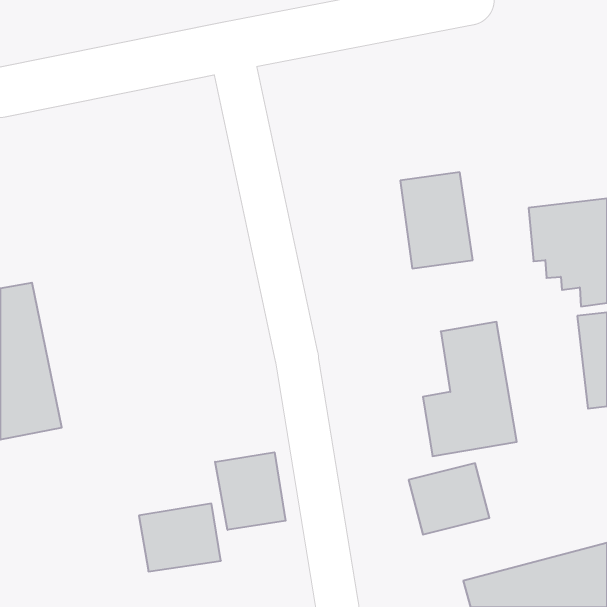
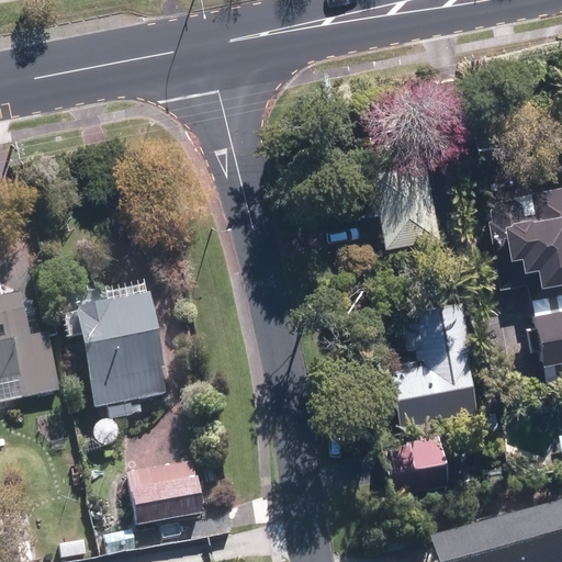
building: none -> [79,290,168,409]
building: [215,452,286,530] -> none

